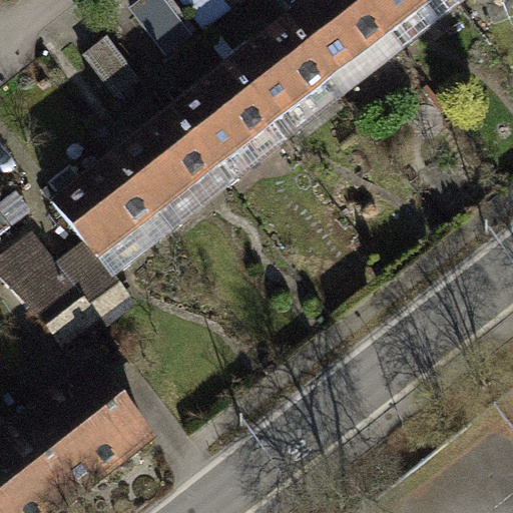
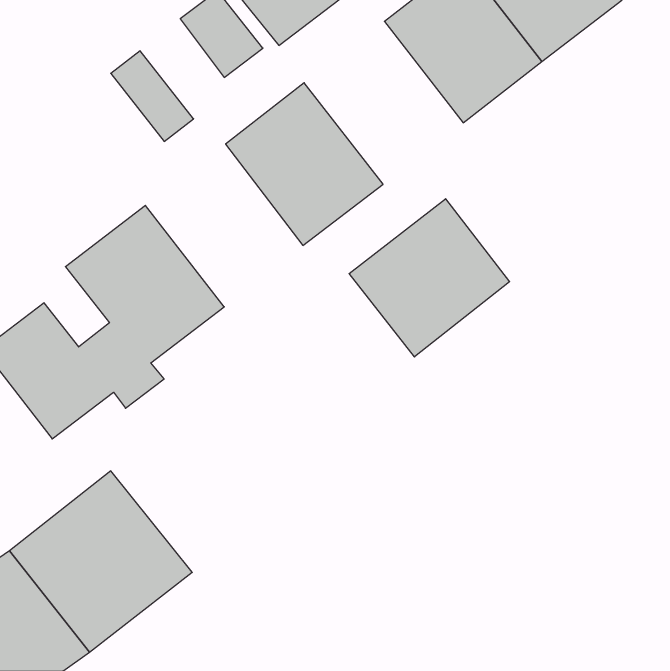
building: [228,16,348,138] -> none
building: [109,108,227,230] -> none
building: none -> [349,199,510,357]

